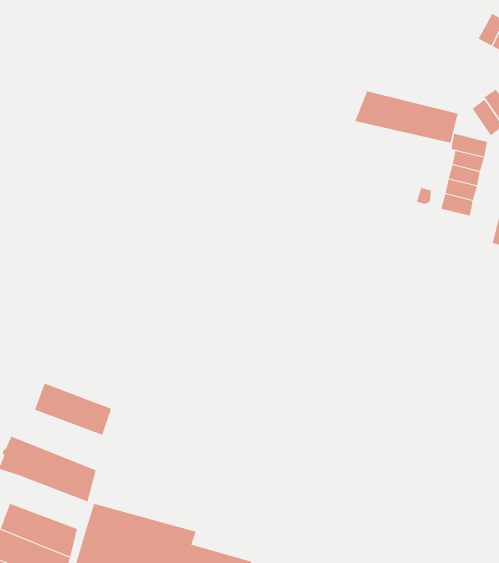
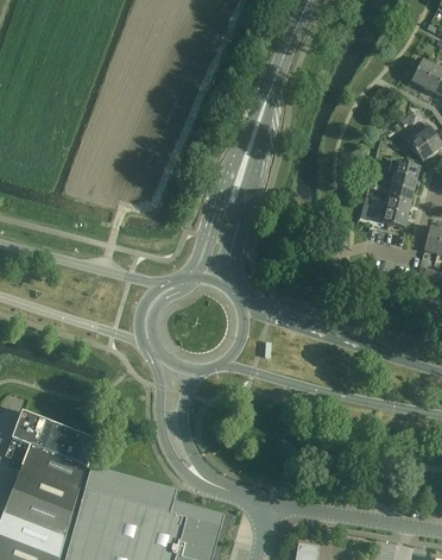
building: [354,90,458,143] -> none
building: [34,383,111,436] -> [20,443,84,487]

